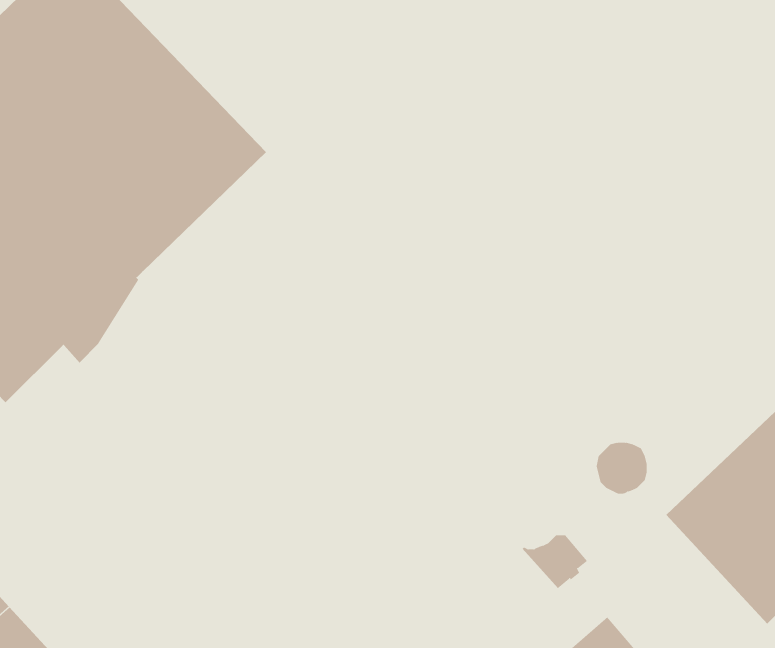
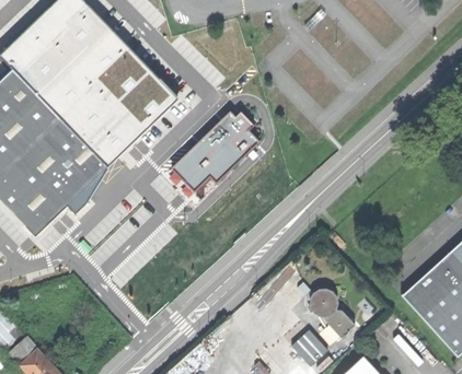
building: none -> [170,110,259,194]
building: [596,442,648,494] -> [310,288,338,316]
building: none -> [292,328,328,365]

